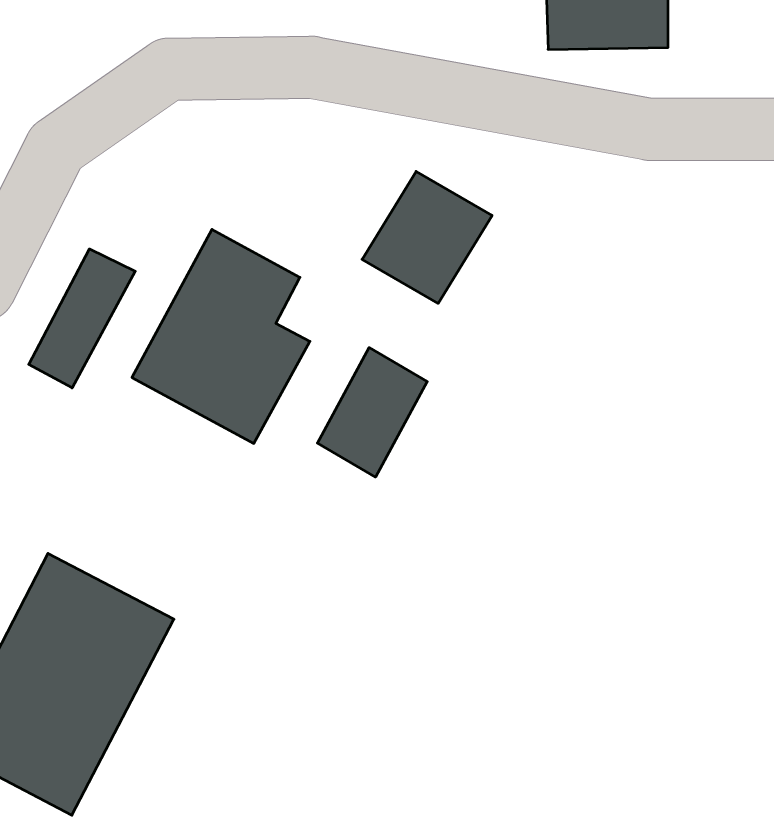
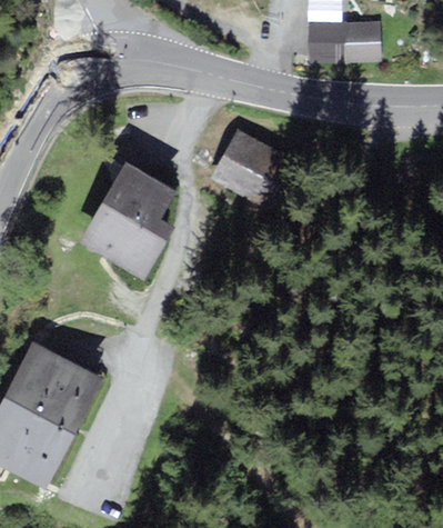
building: [29,249,135,388] -> none
building: [317,348,427,477] -> none

